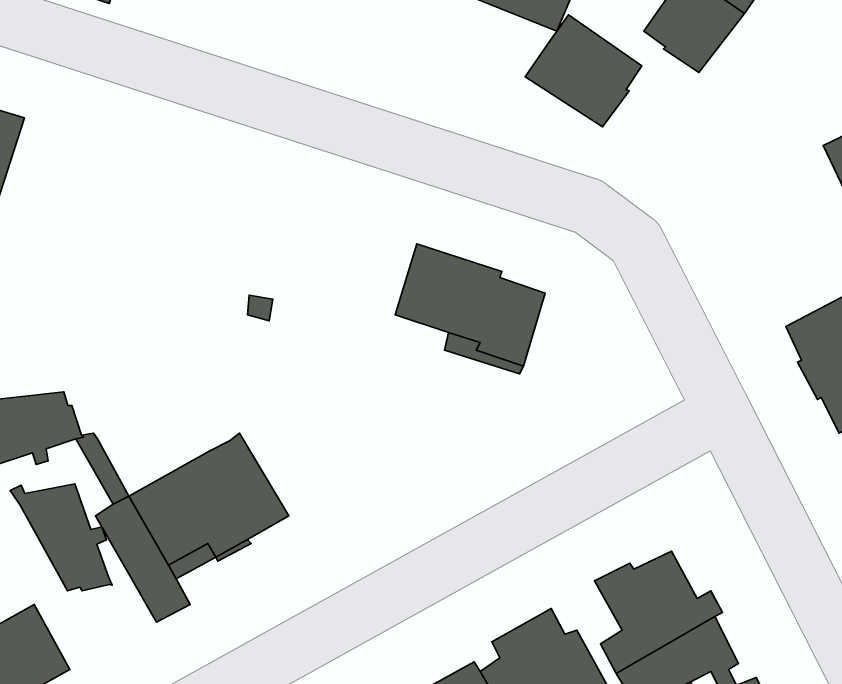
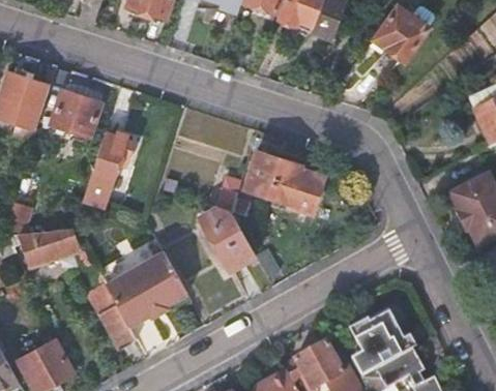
building: [525,15,642,127] -> none
building: none -> [53,89,100,134]
building: none -> [83,130,133,206]
building: none -> [202,176,256,269]
building: [10,484,112,591] -> none

